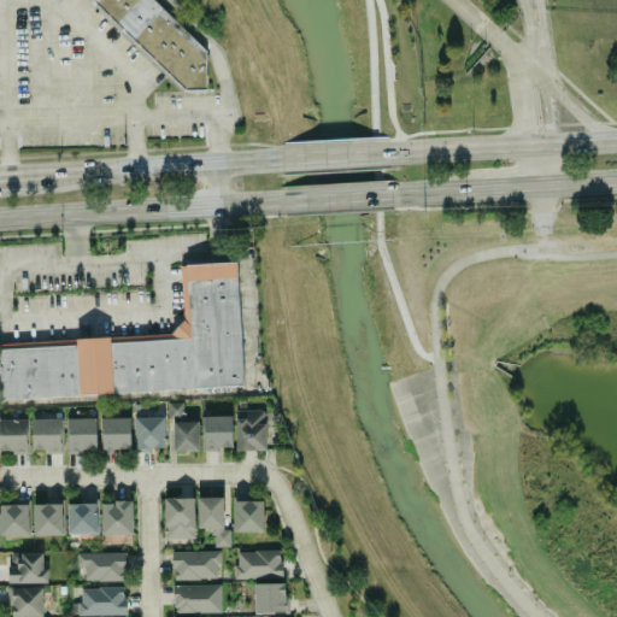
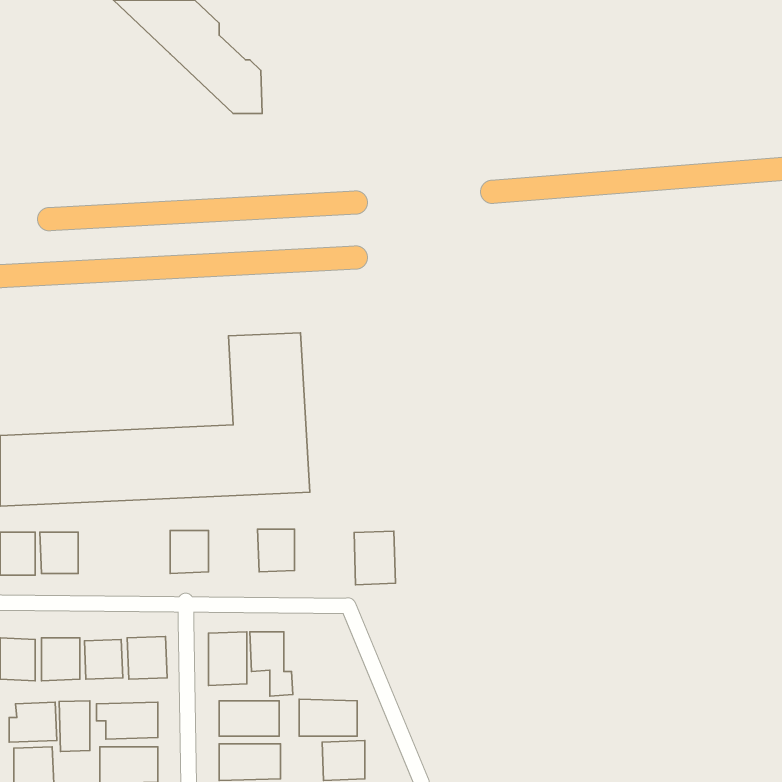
building: [170,402,200,452] -> none
building: [236,410,269,452] -> [354,531,396,585]
building: [102,418,131,452] -> none
building: [67,419,98,453] -> none
building: [235,501,264,533] -> none
building: none -> [59,701,90,751]

